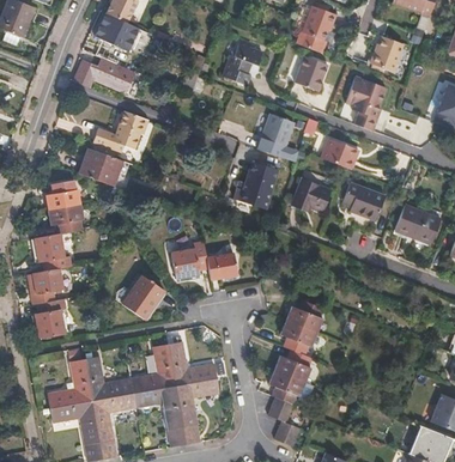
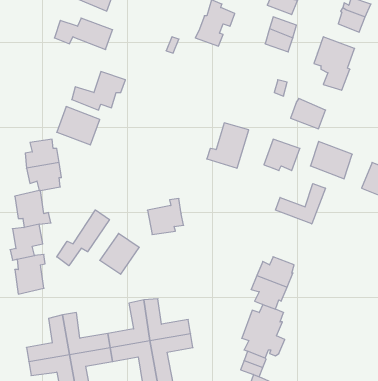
building: [260,116,292,147] -> none
building: none -> [275,184,325,224]
building: none -> [57,210,109,266]
building: [207,253,239,279] -> none

